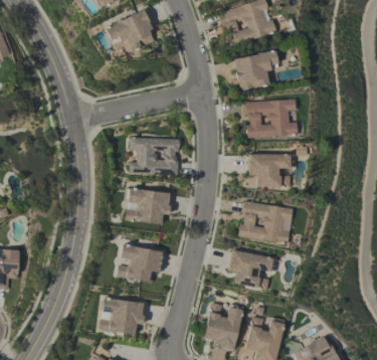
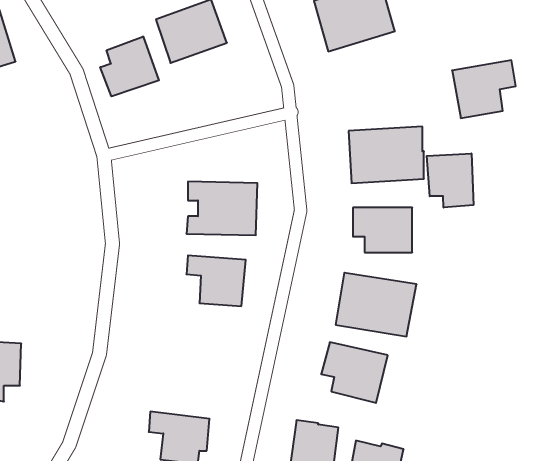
building: none -> [100,36,159,96]
building: [234,50,278,91] -> [452,60,516,118]
building: none -> [427,153,473,208]
building: [124,243,164,283] -> none

